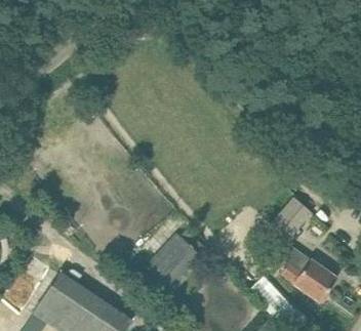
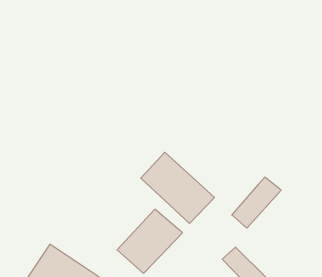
building: none -> [141,152,214,223]
building: [281,243,337,301] -> none

